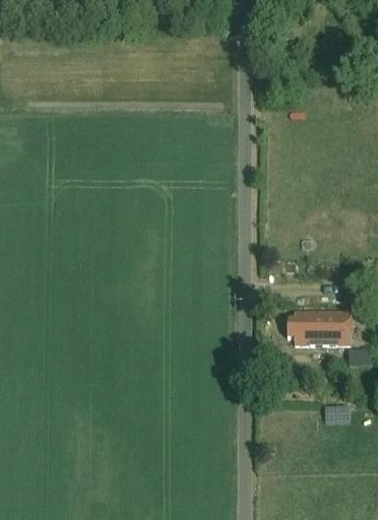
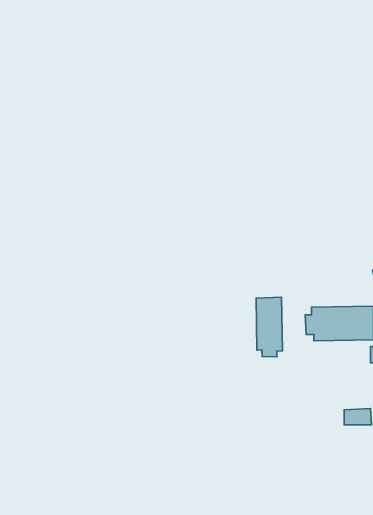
building: none -> [256,297,282,357]

